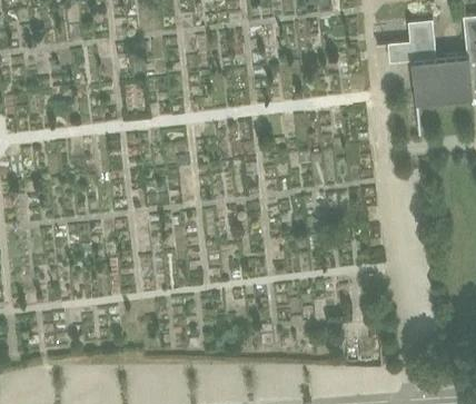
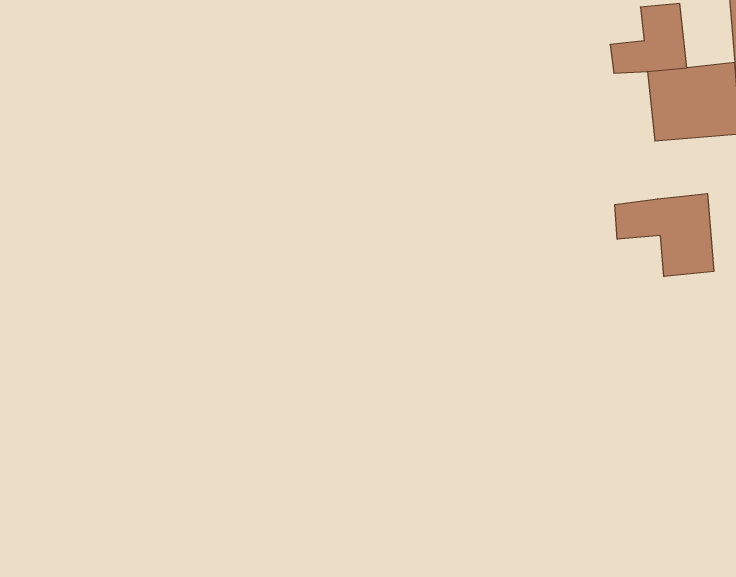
building: none -> [615,194,714,277]

